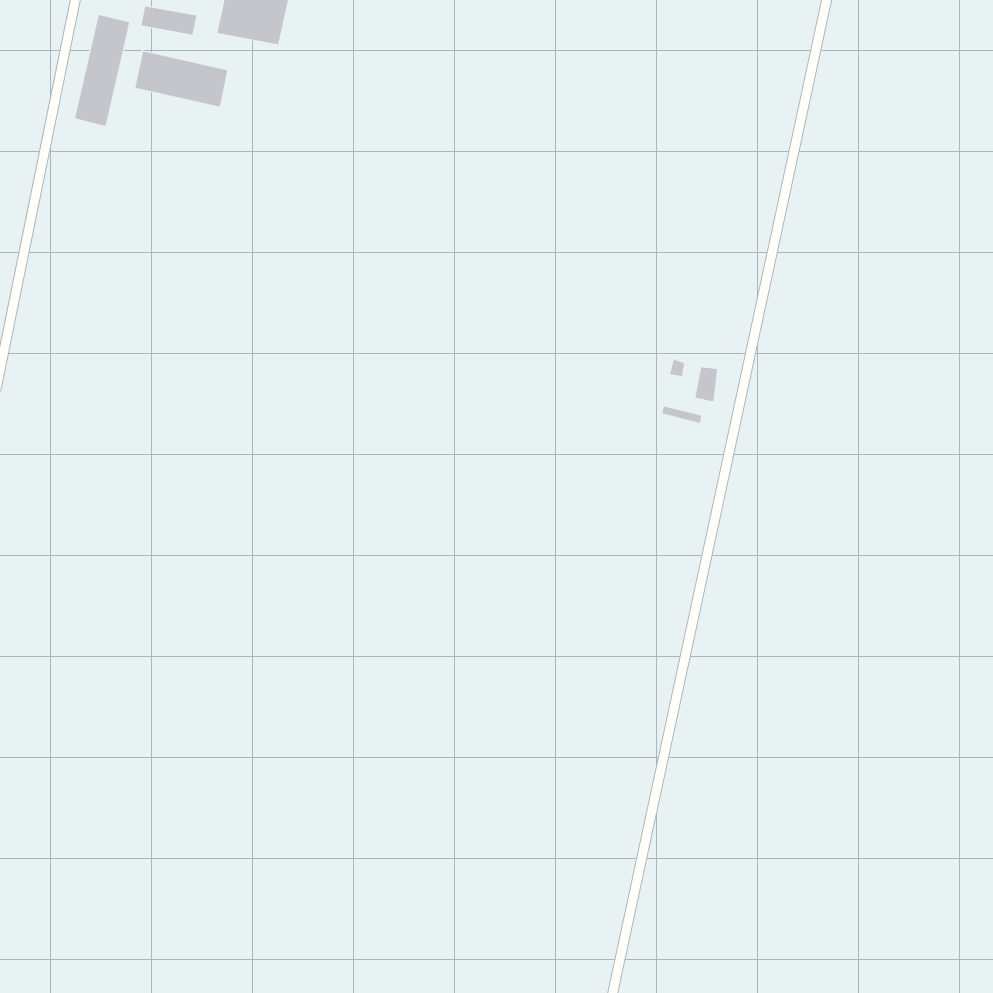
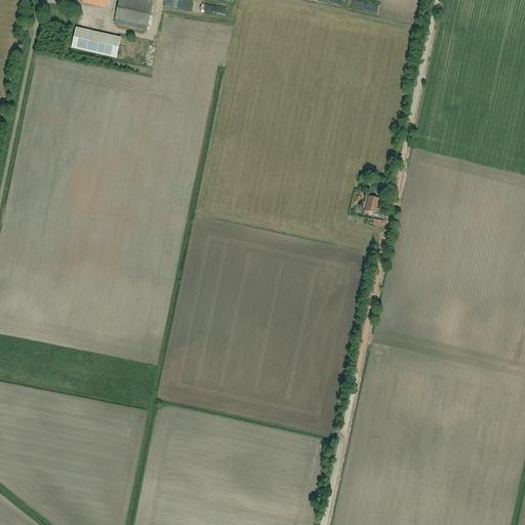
building: [75,14,130,127] -> none

